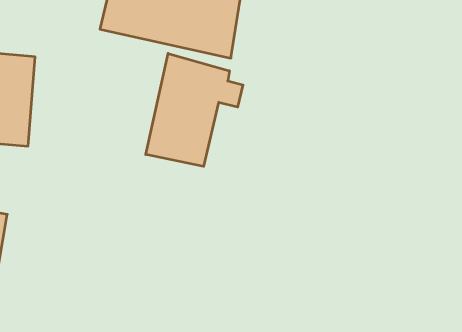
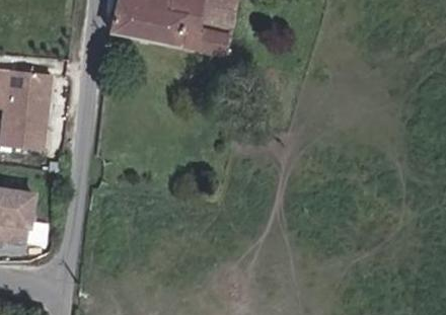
building: [146,53,243,166] -> none

